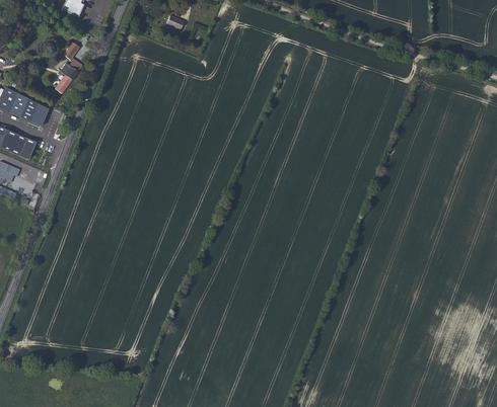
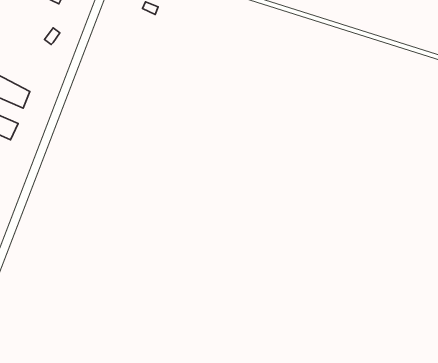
building: [55,59,82,93] -> none

